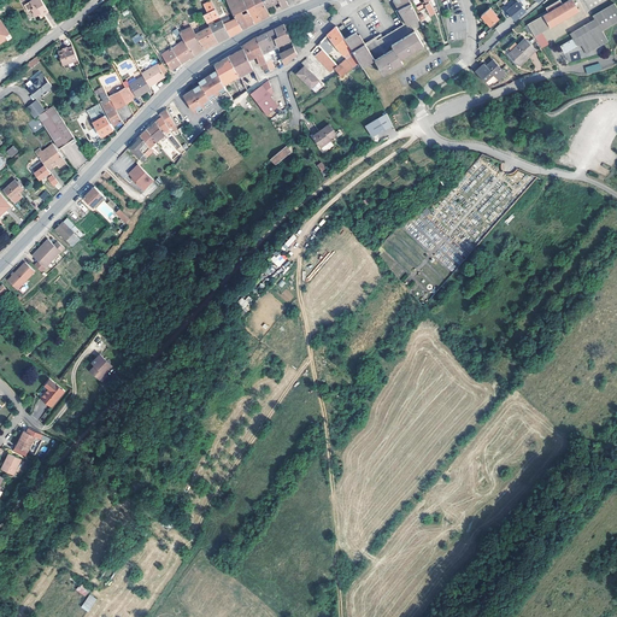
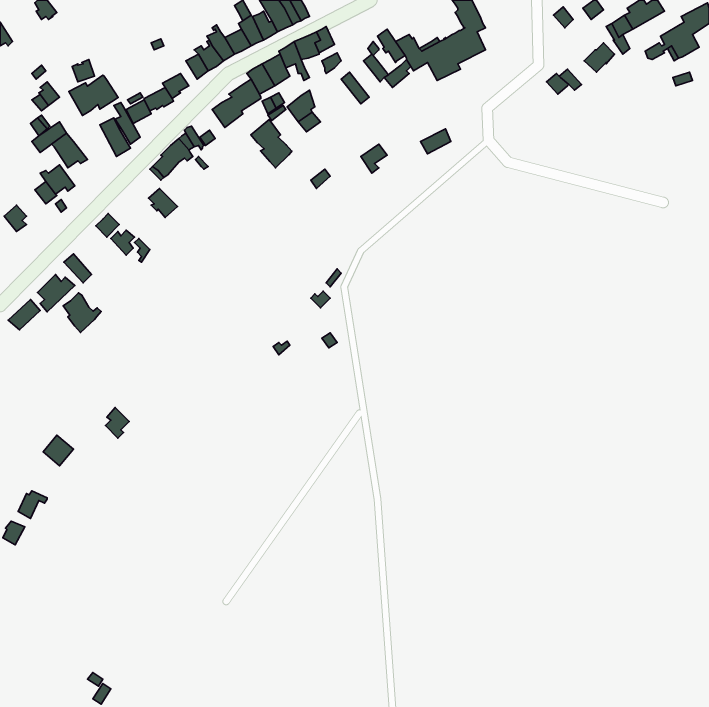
building: none -> [69,75,118,115]
building: none -> [251,120,292,168]
building: none -> [63,293,101,332]

